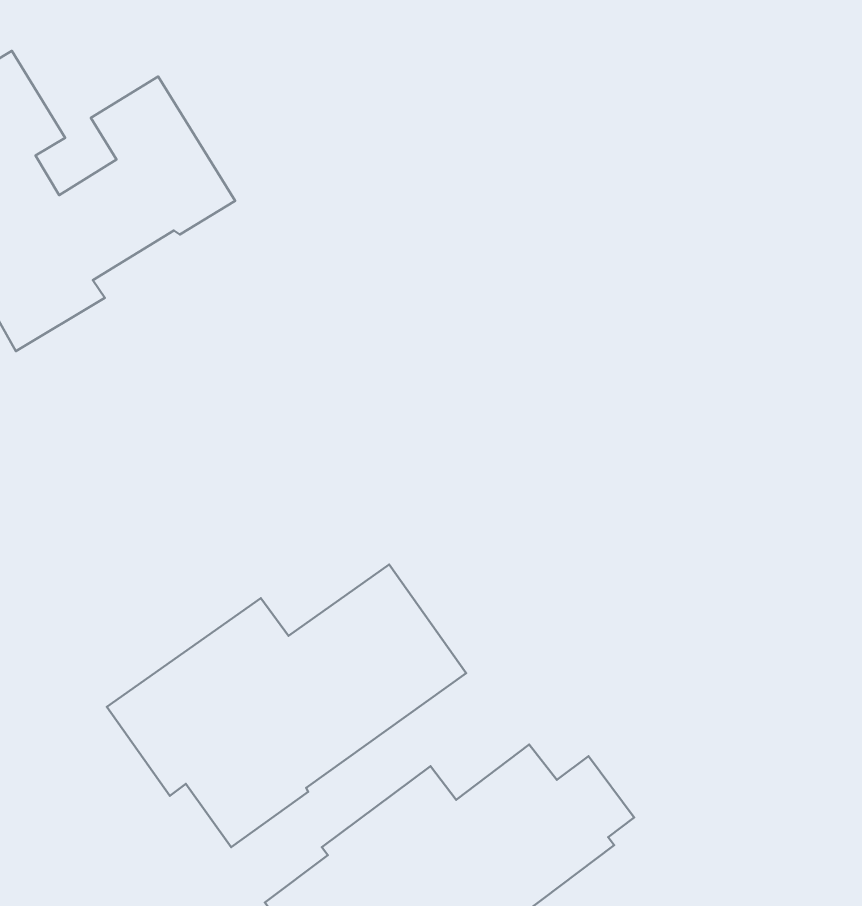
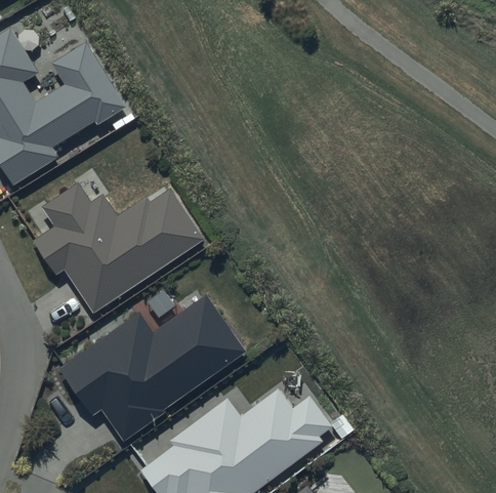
building: none -> [34,182,205,313]

